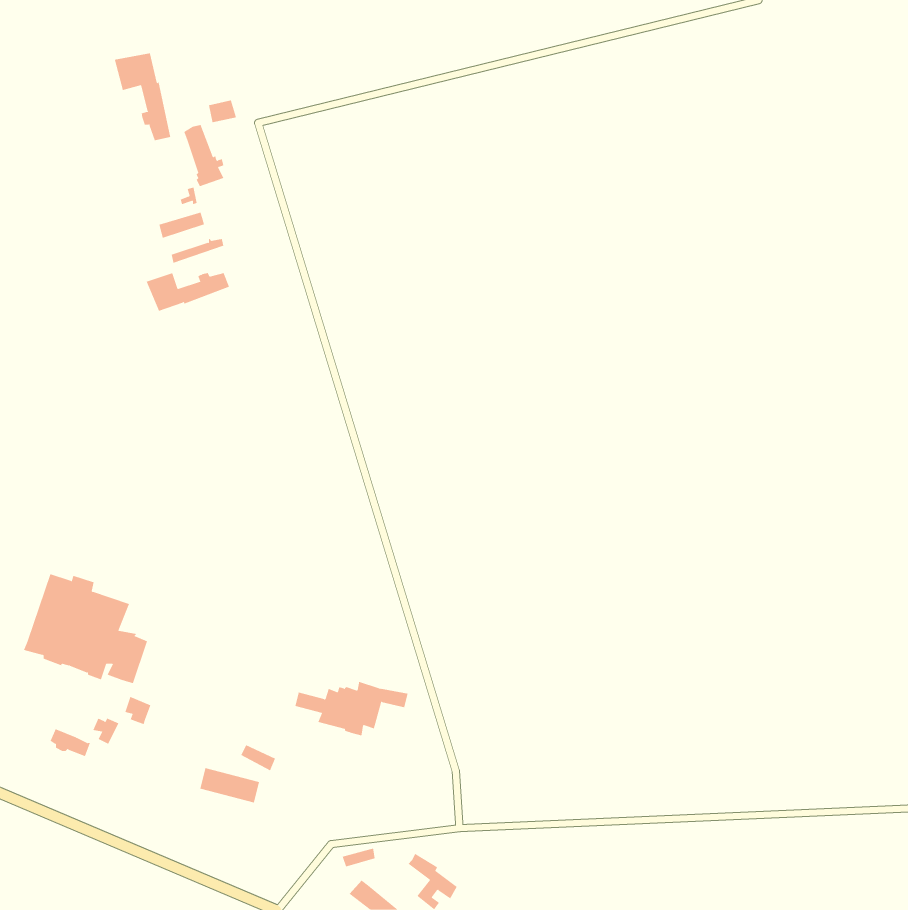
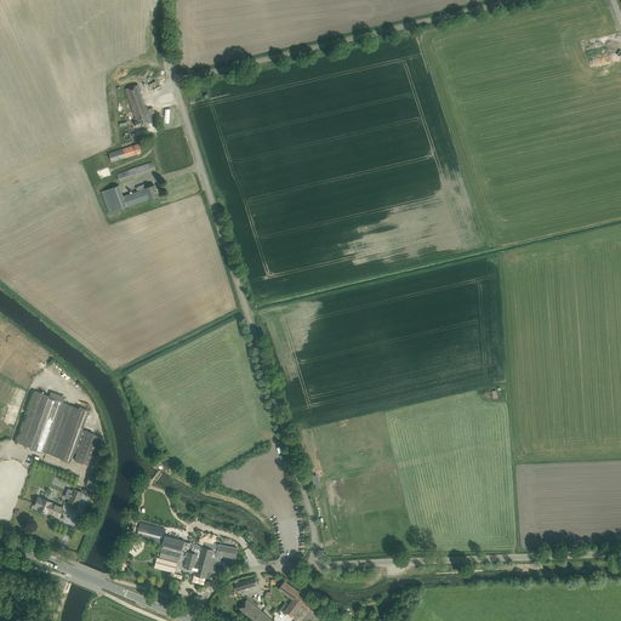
building: [114,52,171,141] -> none
building: [294,681,408,736] -> [159,540,237,577]

